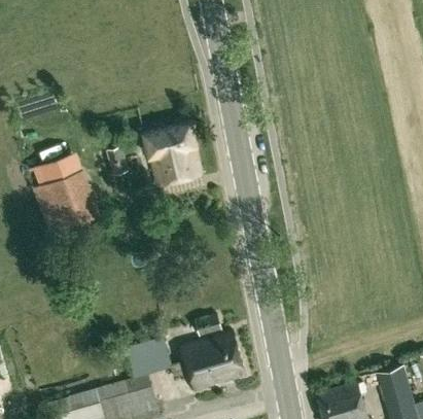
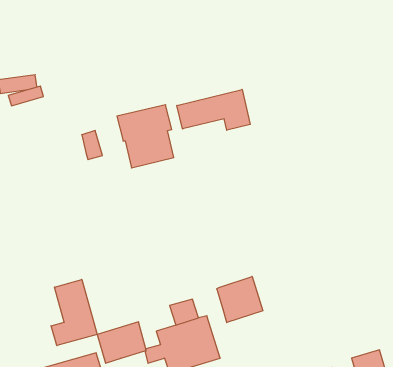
building: none -> [177,89,250,130]
building: [33,150,100,235] -> none
building: none -> [217,276,263,323]
building: none -> [51,279,97,346]

